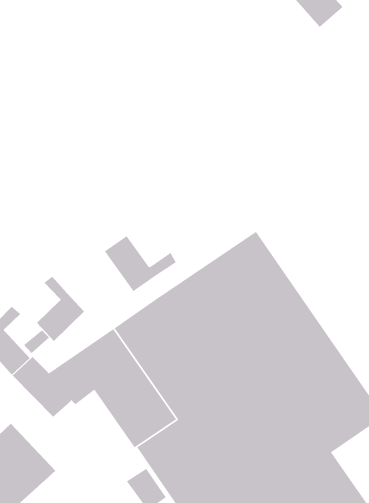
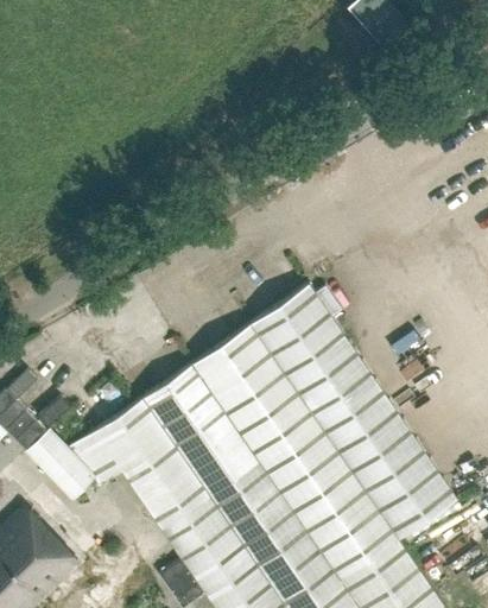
building: [104,235,177,292] -> none
building: [36,276,85,342] -> none

